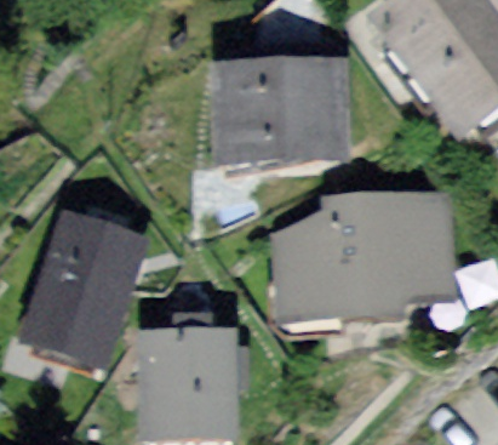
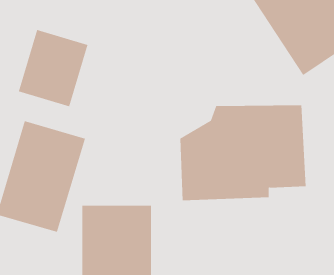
building: [214,58,353,161] -> none
building: none -> [18,29,88,107]

